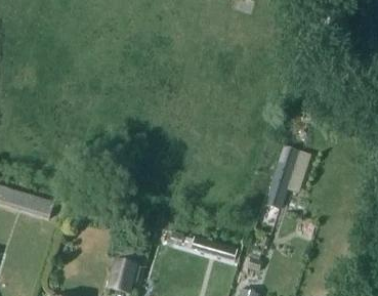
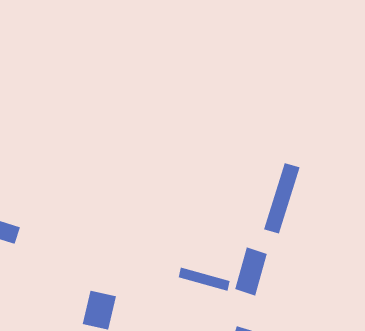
building: none -> [234,247,267,296]

